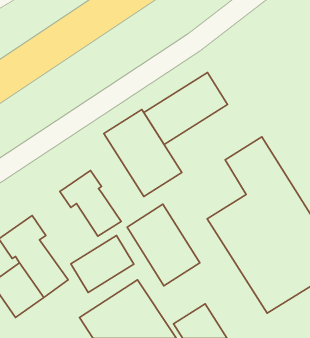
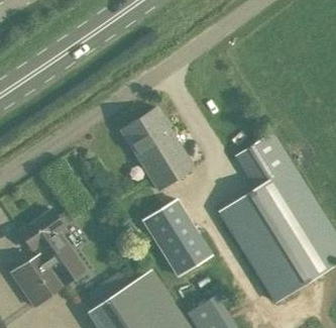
building: [144,73,228,145] -> none
building: [60,171,121,236] -> none
building: [71,235,134,292] -> none

